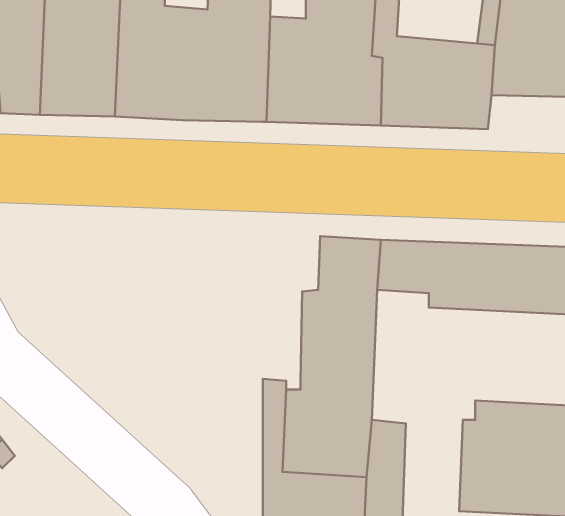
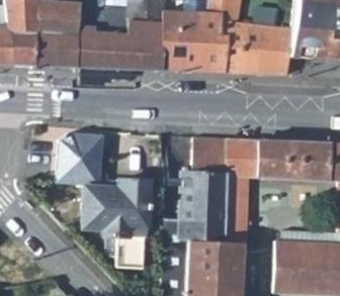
building: none -> [59,133,150,267]
building: none -> [223,167,255,242]

